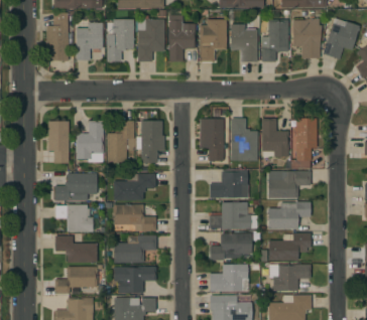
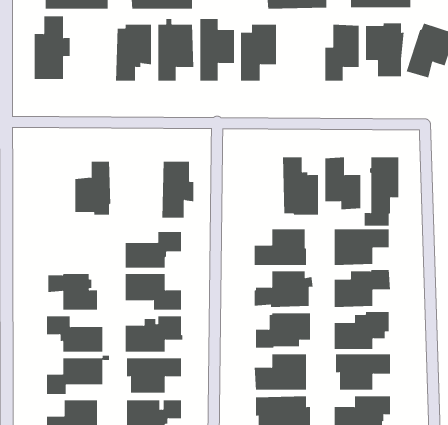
building: [230,20,256,62] -> none
building: [76,22,102,60] -> none
building: [200,119,223,161] -> none
building: [47,121,68,163] -> none
building: [106,121,135,163] -> none
building: [54,173,96,200] -> none

